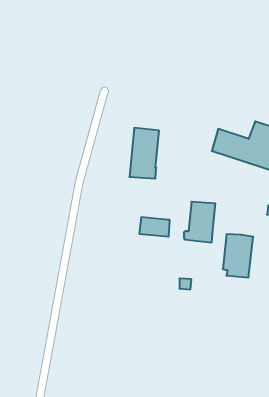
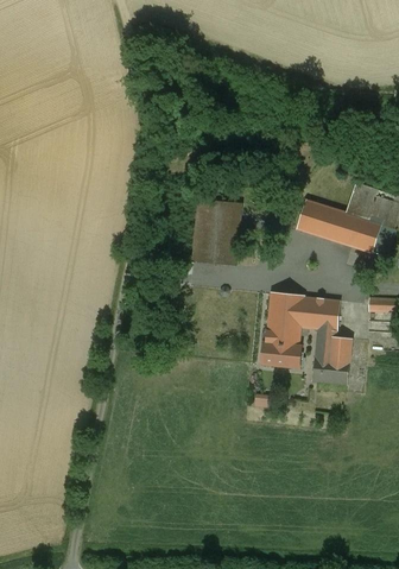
building: none -> [298,296,338,336]
building: [139,217,170,237] -> [260,342,299,367]

